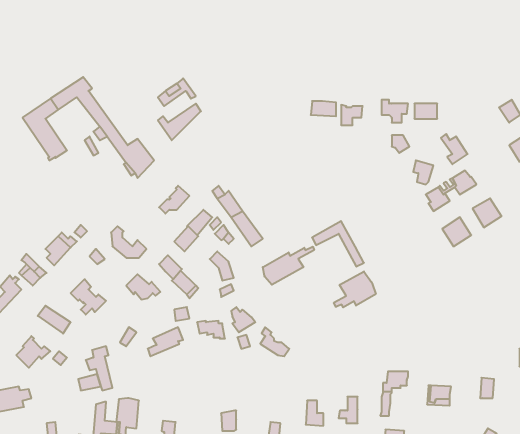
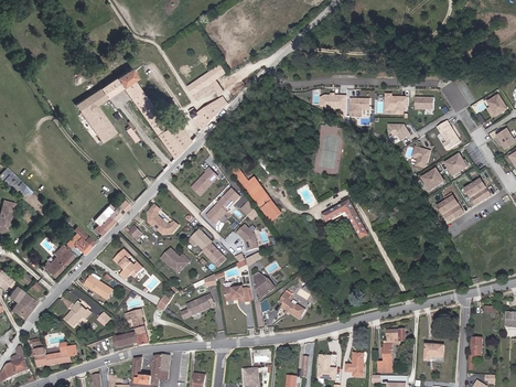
building: [263,247,314,285] -> none
building: [334,271,376,307] -> none

